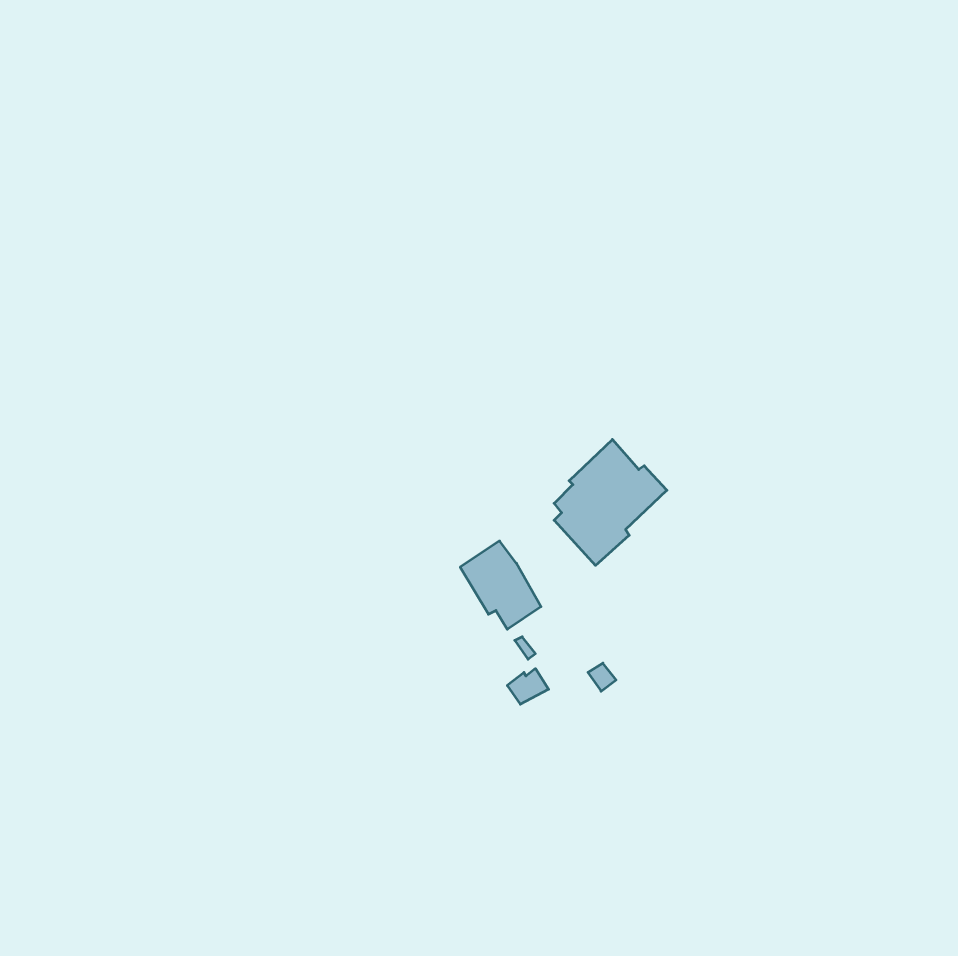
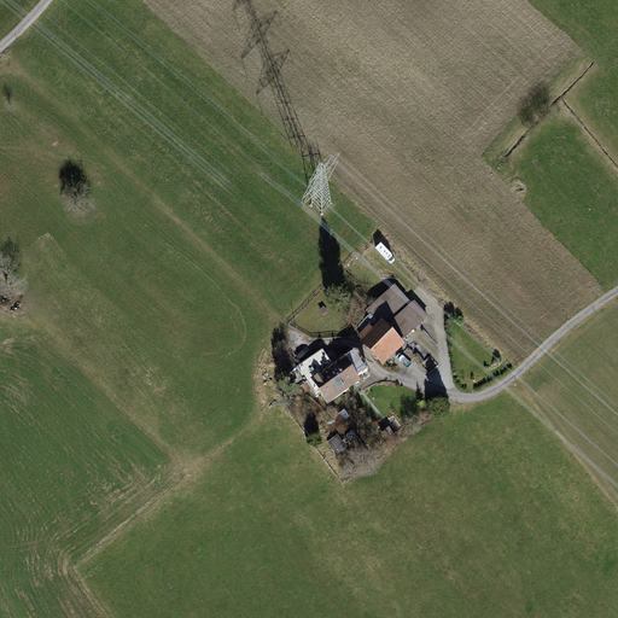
building: none -> [332,348,369,390]

